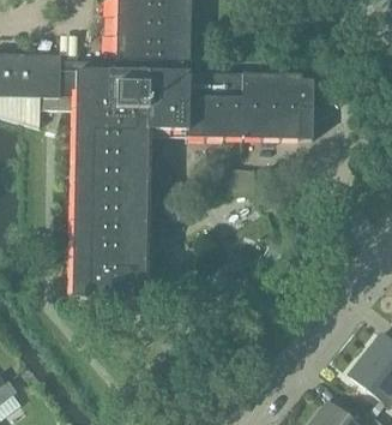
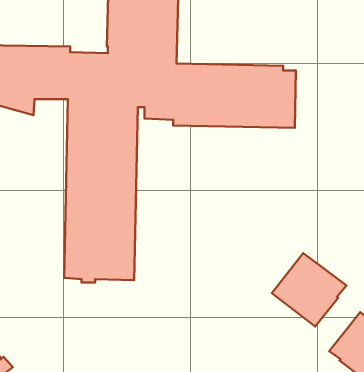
building: none -> [272,253,346,327]

